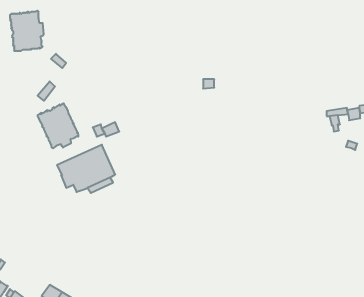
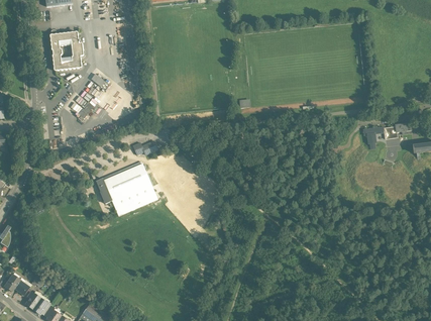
building: [38,103,78,148] -> none

